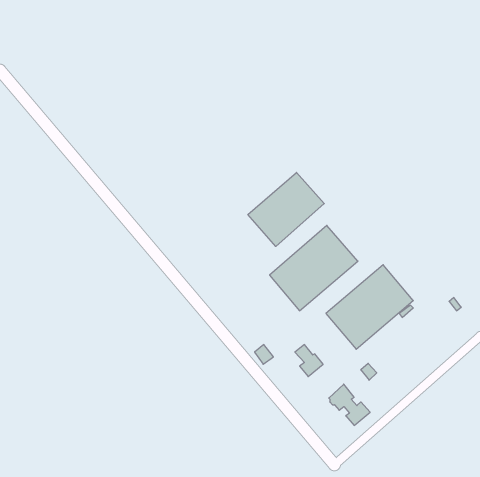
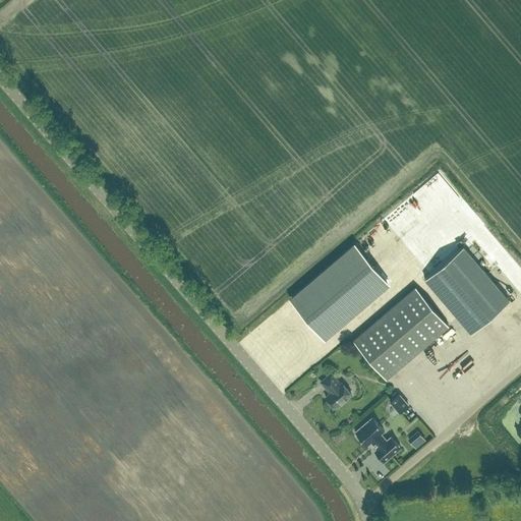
building: [248,172,324,246] -> none
building: none -> [424,248,510,336]

